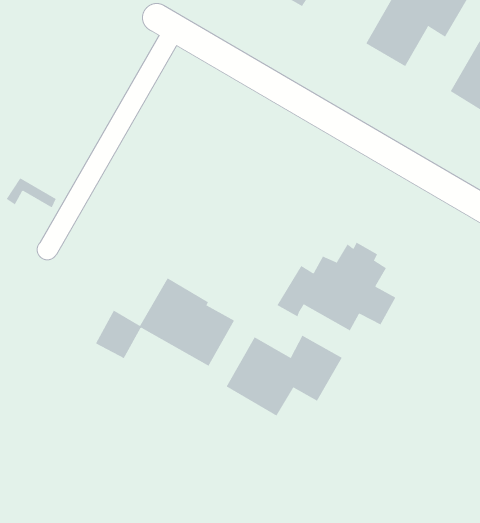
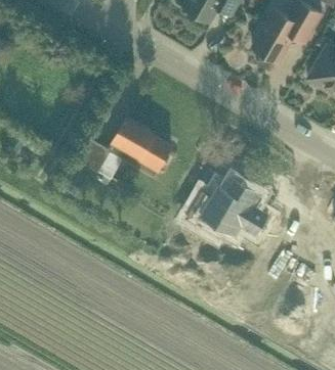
building: [95,277,235,367] -> [78,117,171,176]
building: [226,335,343,416] -> none

